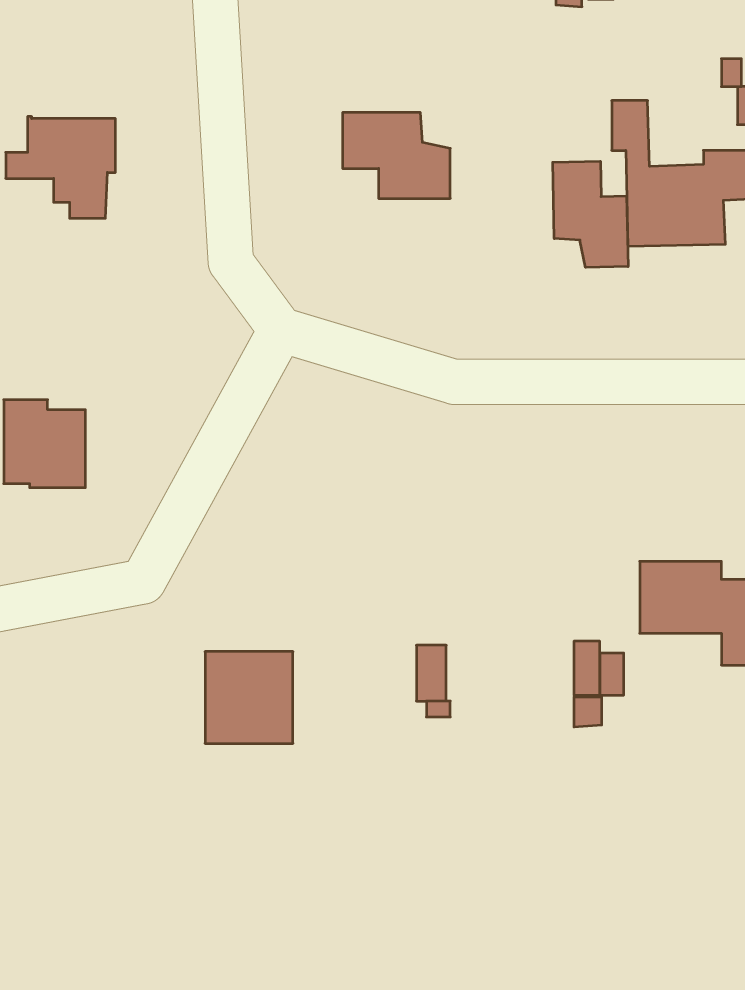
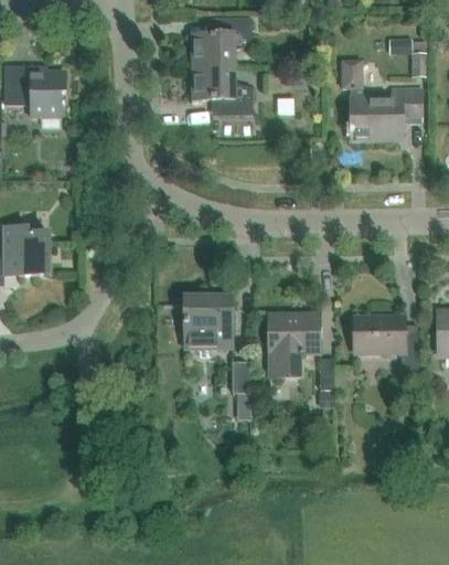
building: none -> [191,17,252,66]
building: [553,161,628,267] -> none
building: none -> [268,313,320,376]
building: [205,652,293,743] -> [183,297,232,348]

